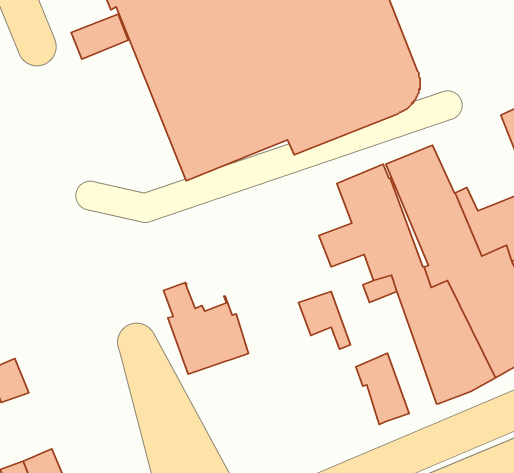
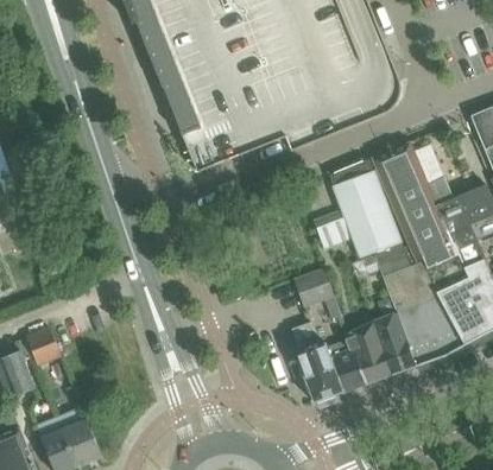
building: [71,14,128,59] -> none
building: [164,282,249,374] -> [291,323,365,402]
building: none -> [372,313,415,375]

